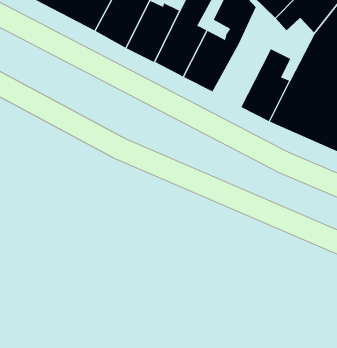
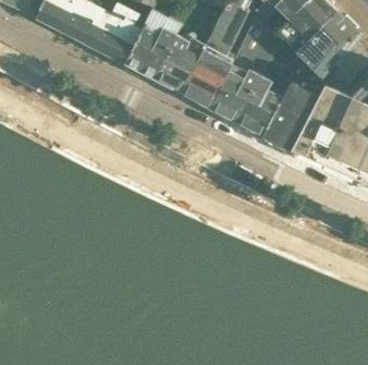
building: none -> [235,50,299,135]

